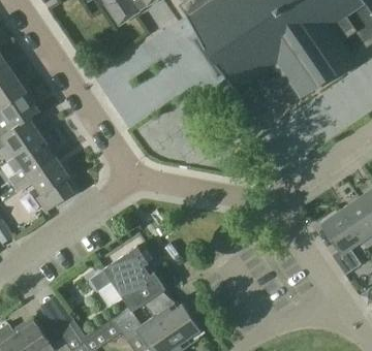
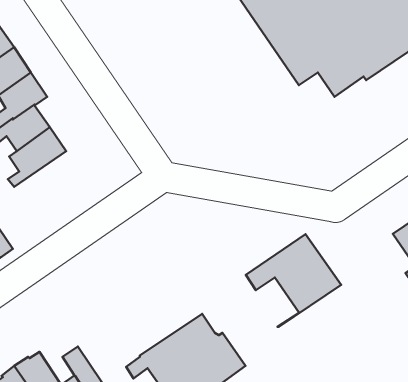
building: [12,156,73,212] -> none
building: [88,247,165,322] -> [246,234,341,327]

